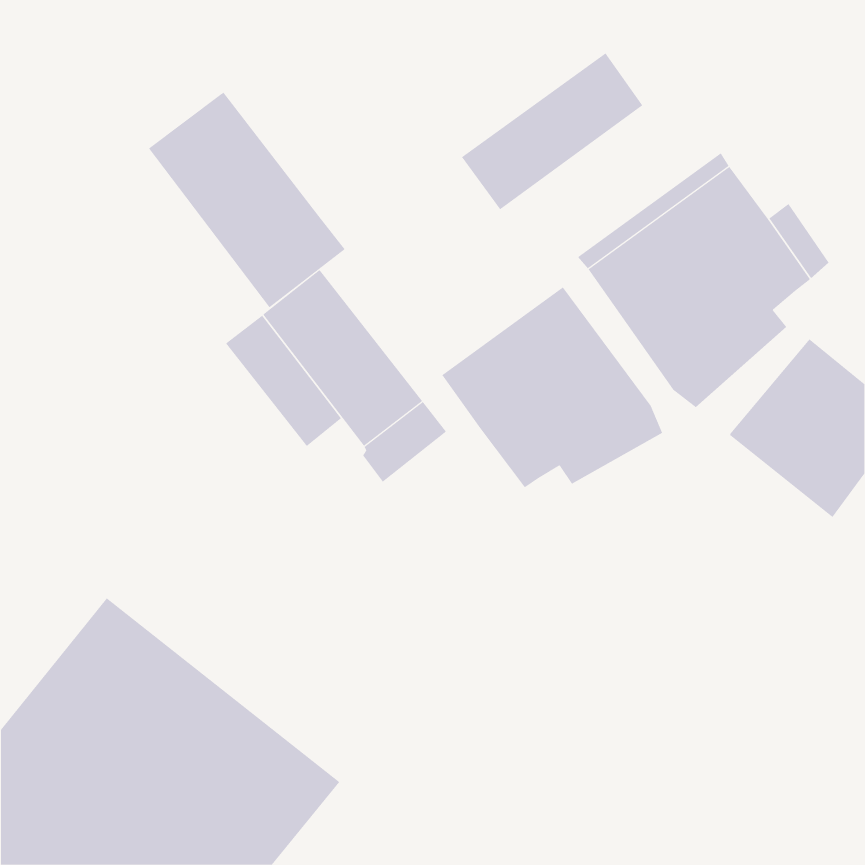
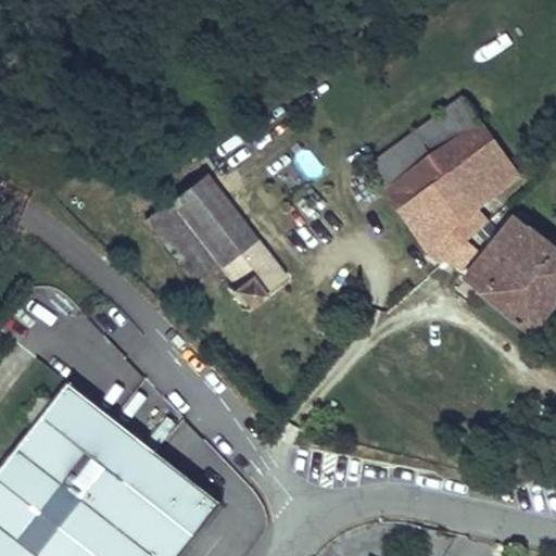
building: [461,53,643,210] -> none
building: [148,92,345,308] -> none
building: [441,287,663,488] -> none

